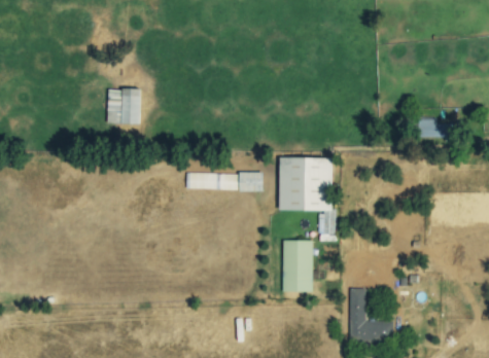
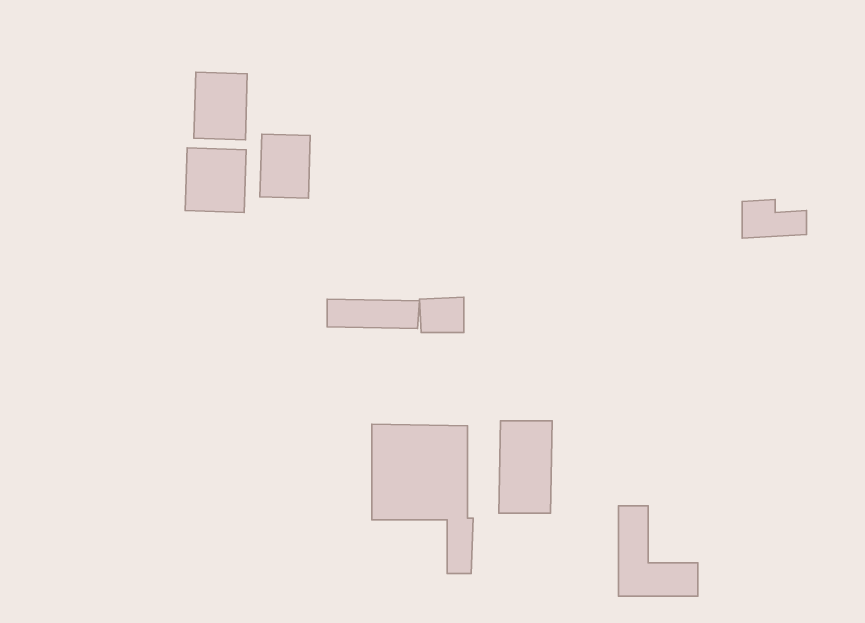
building: none -> [194,72,247,140]
building: none -> [260,134,310,198]
building: [279,157,336,241] -> [372,424,473,573]

